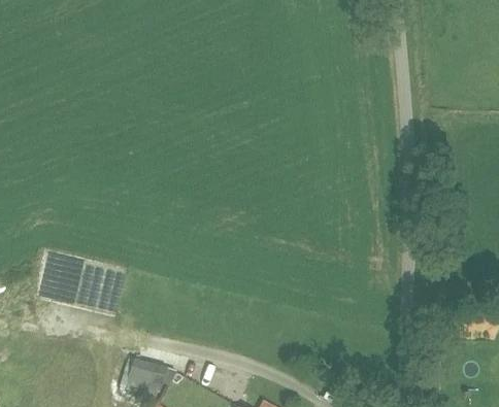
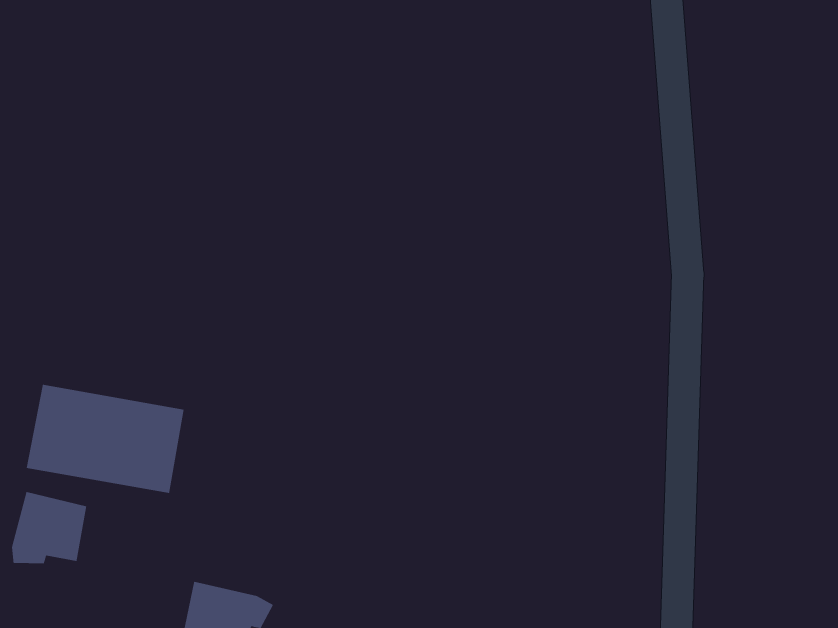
building: none -> [11,491,87,564]

